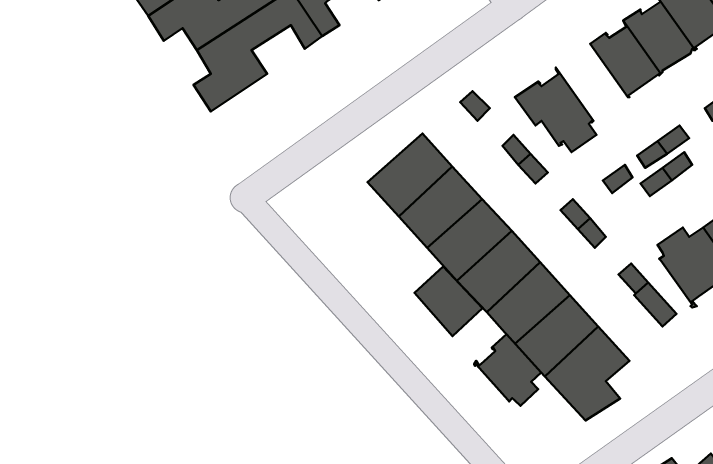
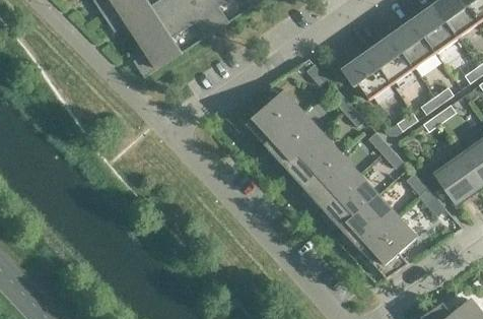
building: none -> [367,33,415,87]
building: [415,266,483,336] -> none
building: [474,334,541,406] -> none

